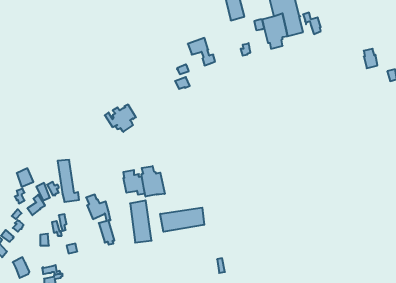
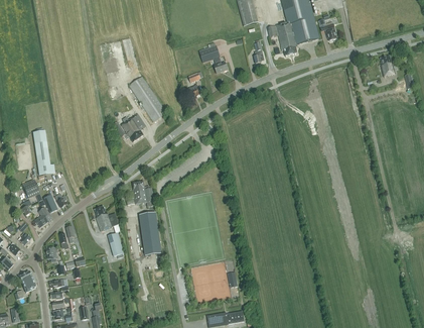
building: none -> [128,74,165,120]
building: [58,160,79,202] -> [31,129,53,173]
building: [142,166,165,197] -> none
building: [160,208,204,232] -> none

